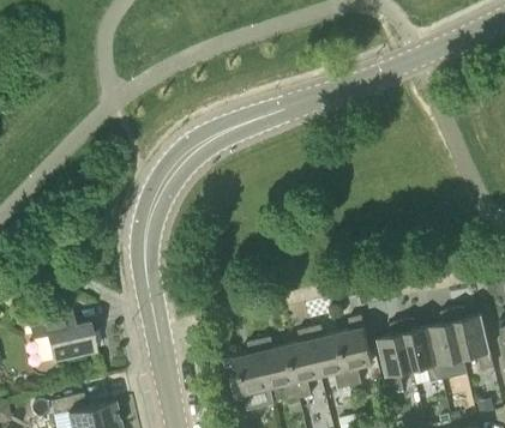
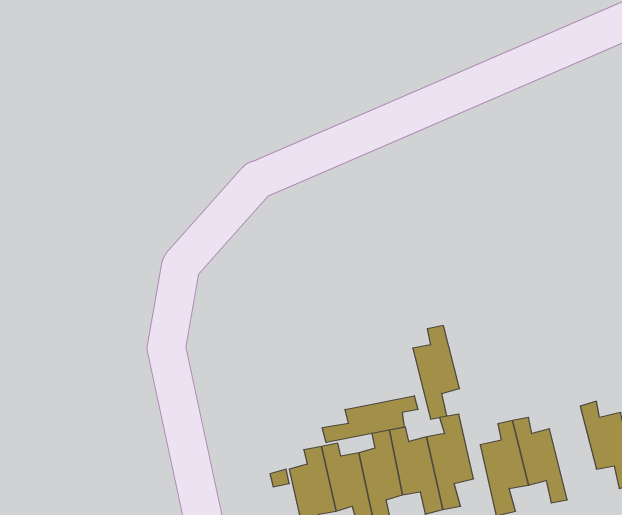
building: none -> [322,396,418,443]
building: [428,312,463,381] -> [413,326,460,419]
building: [29,313,96,363] -> none

